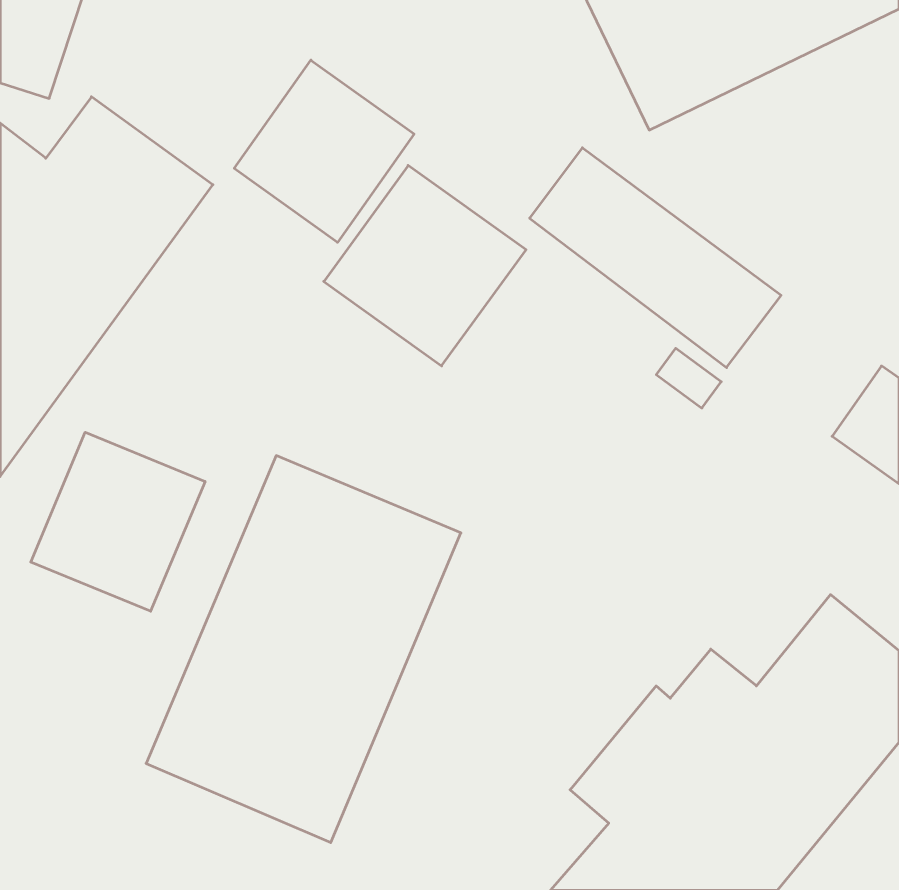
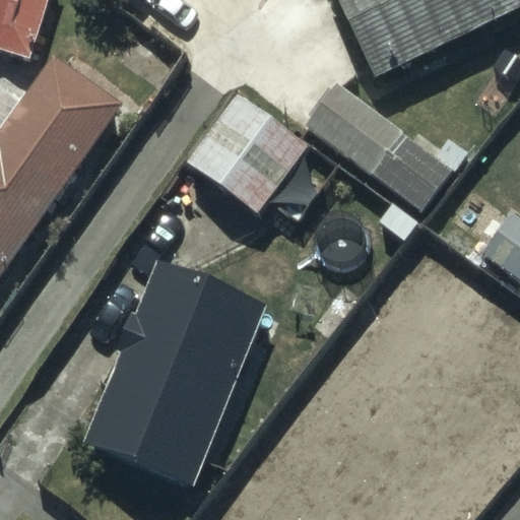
building: [234,60,414,242] -> none
building: [31,432,205,611] -> none

